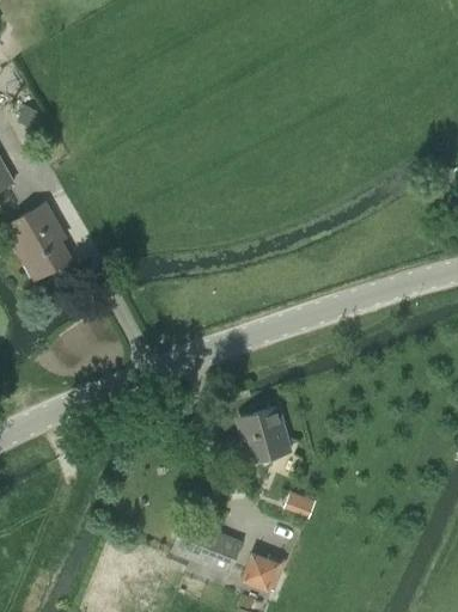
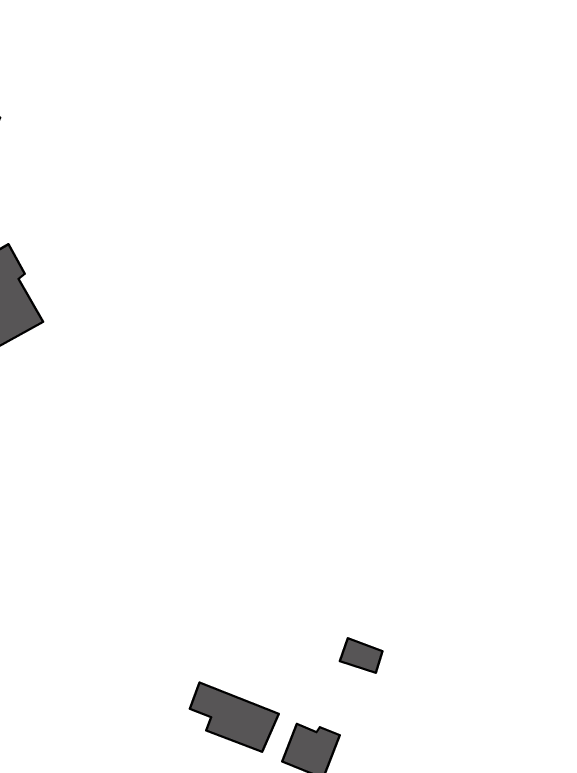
building: [239,406,289,461] -> none

